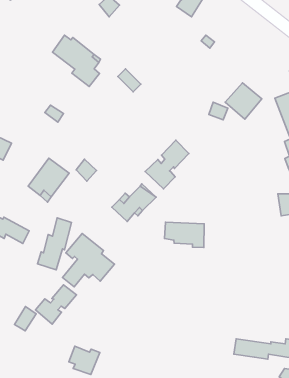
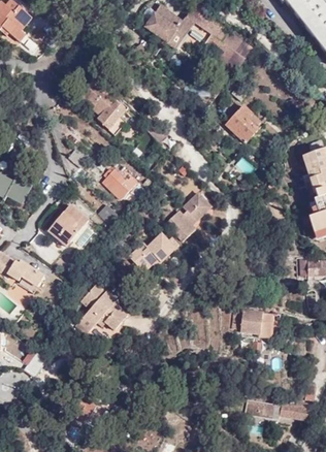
building: [225,83,262,119] -> [226,105,263,142]
building: none -> [102,167,135,197]
building: [37,218,72,270] -> none
building: [165,222,204,247] -> [232,310,273,337]
building: [36,285,76,324] -> none

